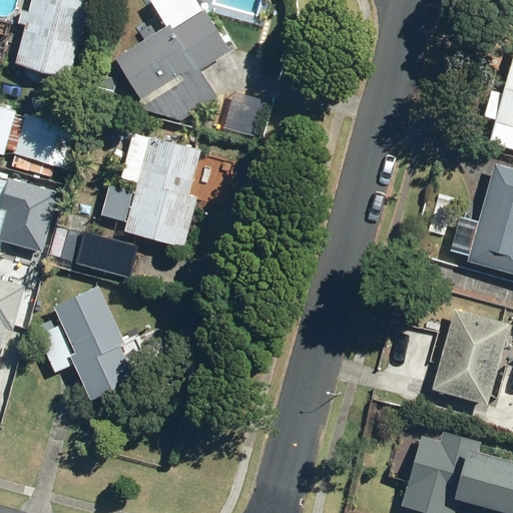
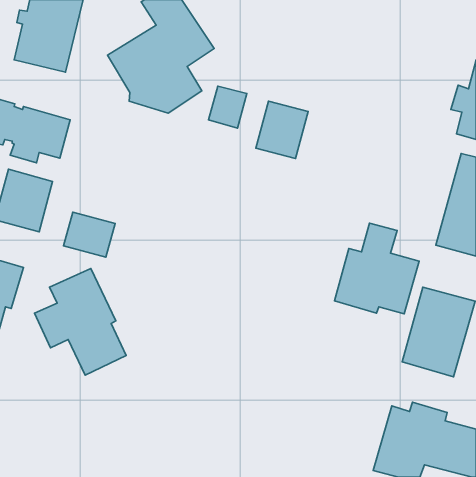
building: none -> [256,101,308,158]
building: [101,134,200,248] -> none
building: none -> [335,223,419,314]

